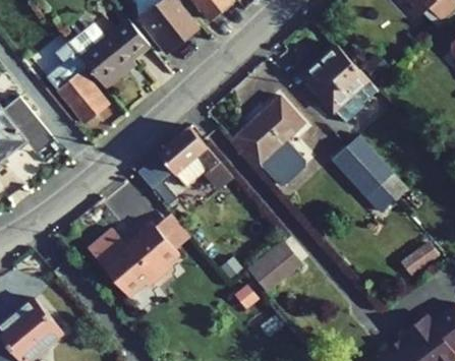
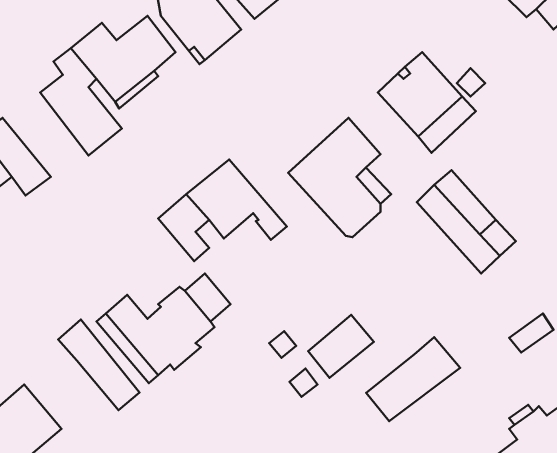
building: none -> [58,319,139,410]
building: none -> [366,337,460,421]

